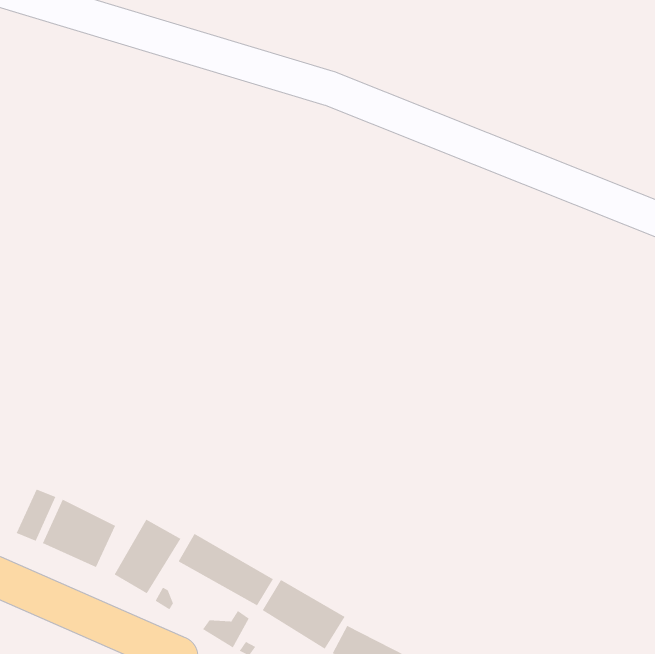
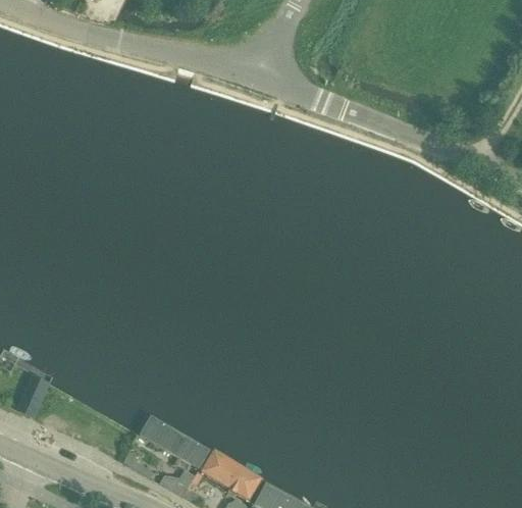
building: [42,499,116,568] -> none
building: [114,519,181,594] -> none

